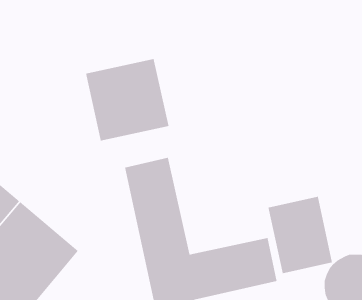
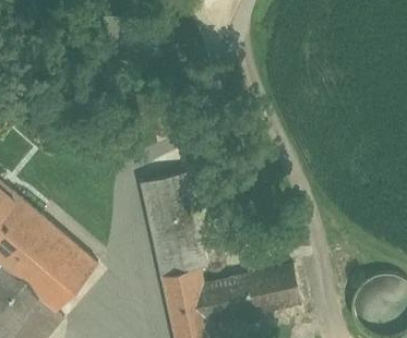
building: [85,58,169,142] -> none
building: [268,196,333,274] -> none

